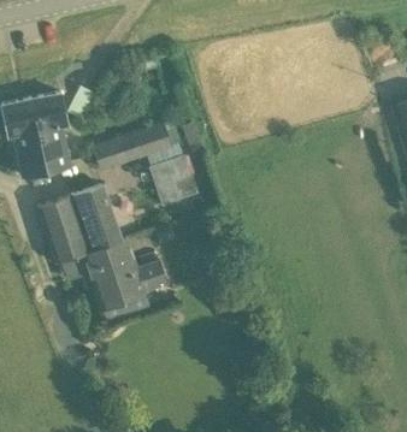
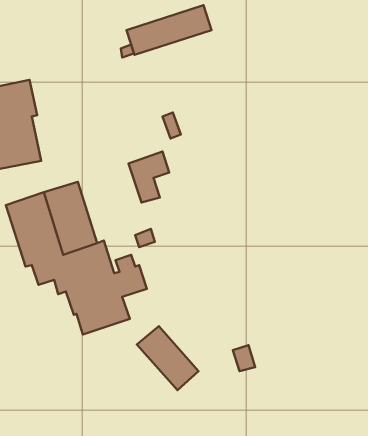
building: [93,125,171,171] -> [127,5,211,55]
building: none -> [137,326,199,390]

